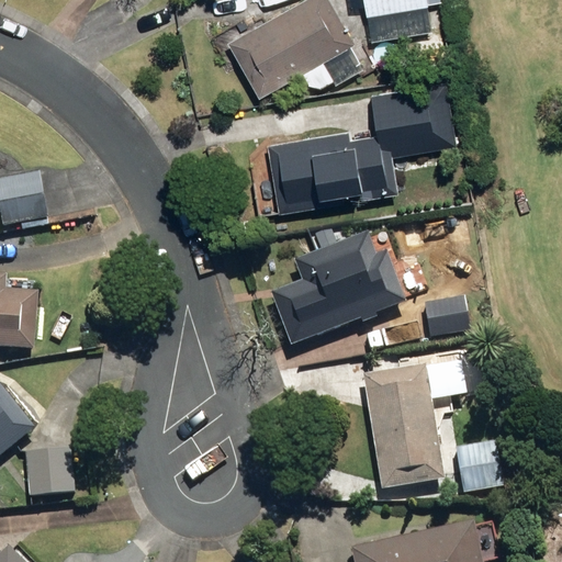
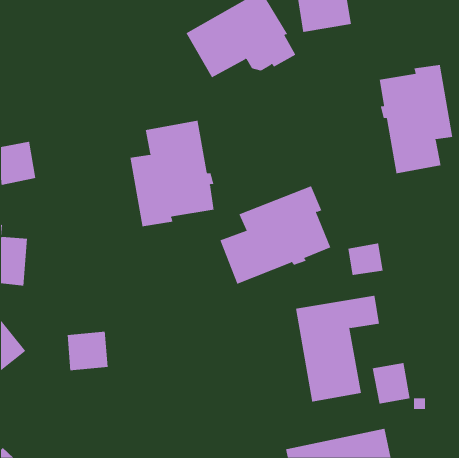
building: none -> [379,64,453,174]
building: [266,80,456,212] -> none
building: none -> [130,120,214,227]
building: [25,448,76,496] -> [67,331,108,371]

